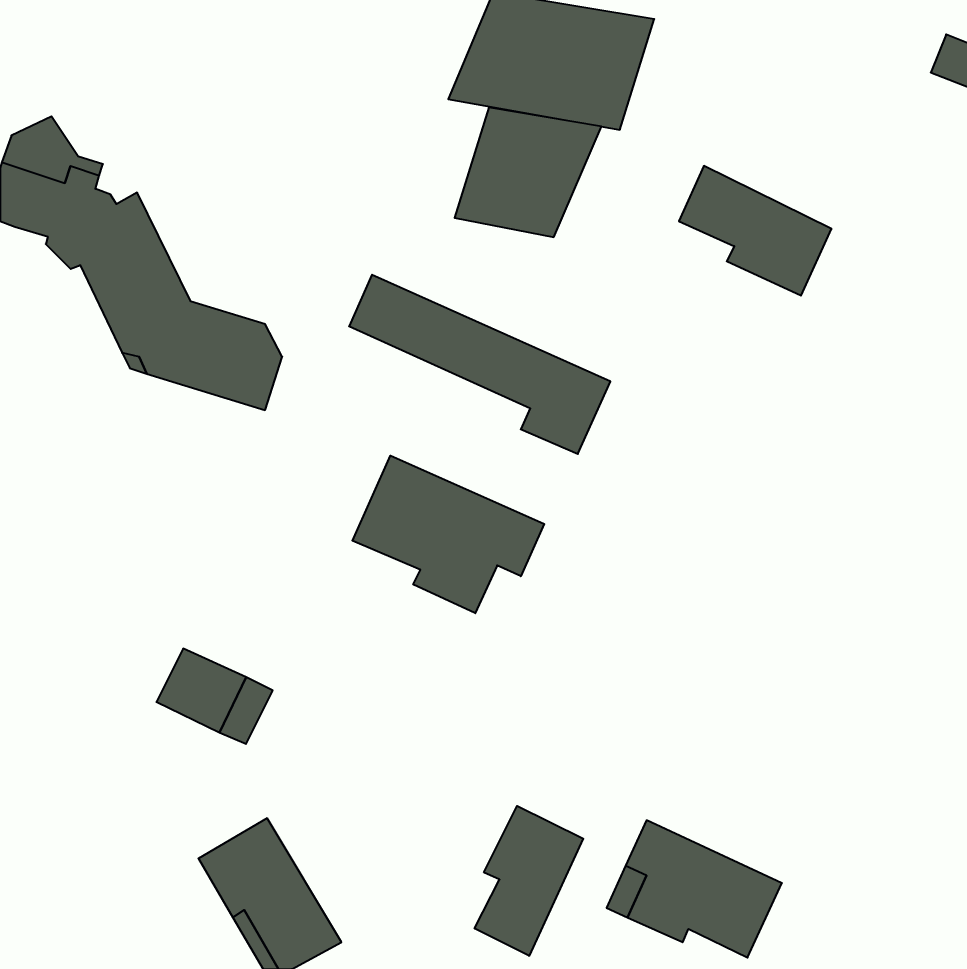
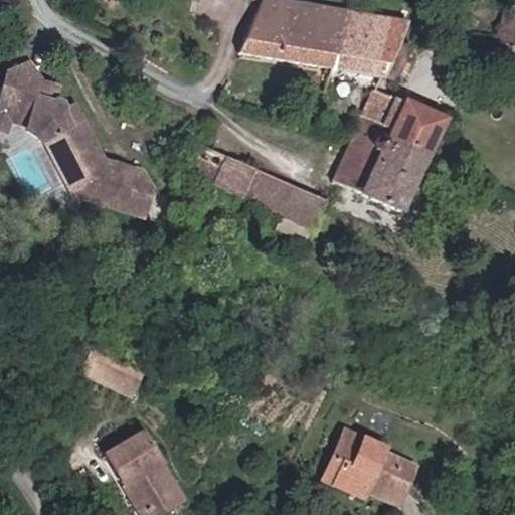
building: [455,107,601,237] -> [331,10,408,78]
building: none -> [333,117,426,212]
building: [352,456,544,613] -> none
building: [475,806,583,956] -> none

